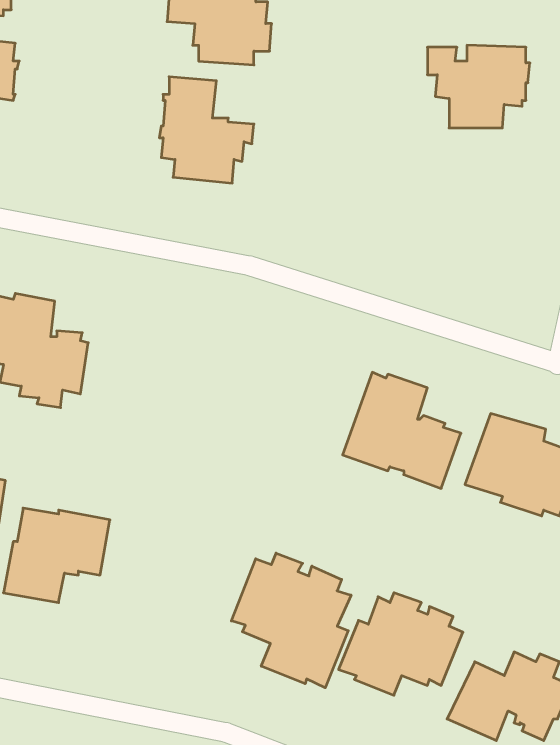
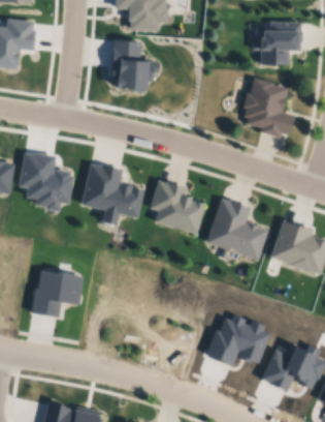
building: none -> [243,81,295,140]
building: none -> [82,162,144,223]
building: none -> [150,178,205,232]
building: [231,553,351,688] -> none

